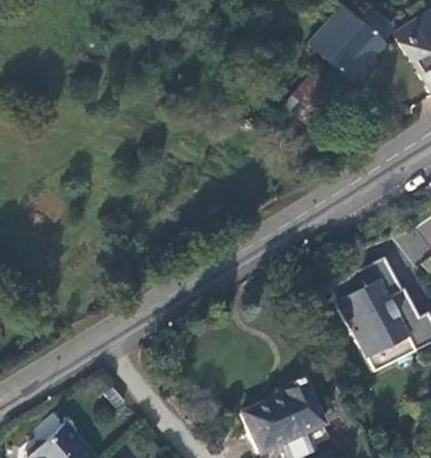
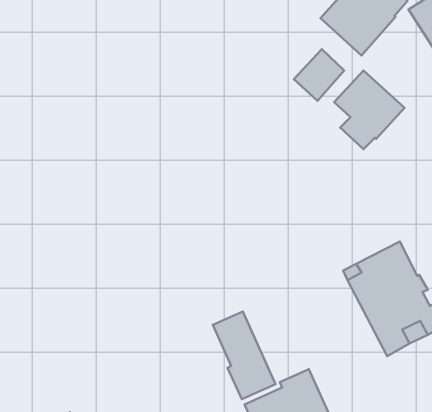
building: none -> [334,71,405,149]
building: none -> [213,312,276,399]

